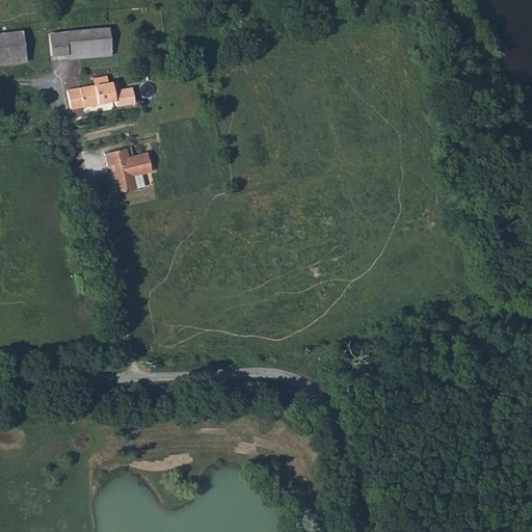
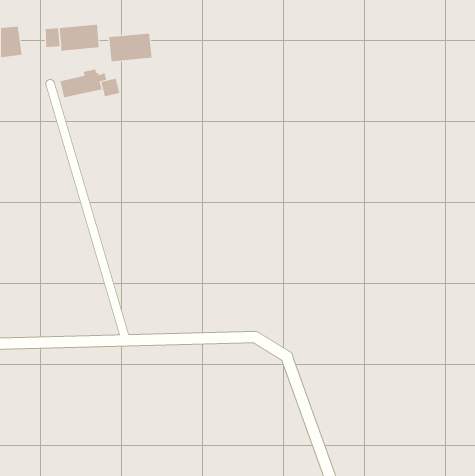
building: none -> [108,33,152,62]
building: [104,148,153,194] -> none

